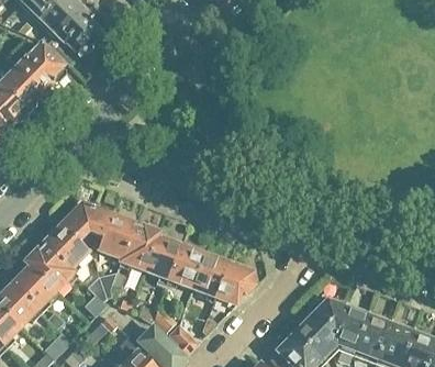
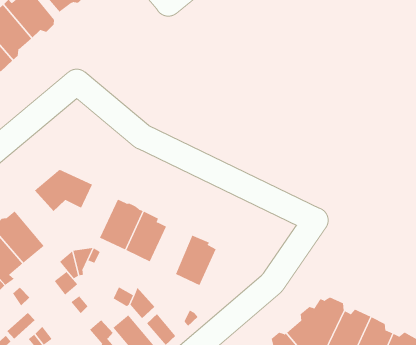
building: [98,215,134,263] -> none
building: [42,225,87,270] -> none
building: [168,247,203,289] -> none
building: [214,263,255,308] -> none

